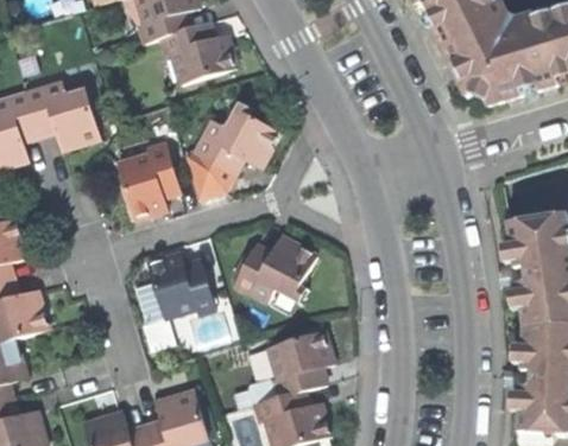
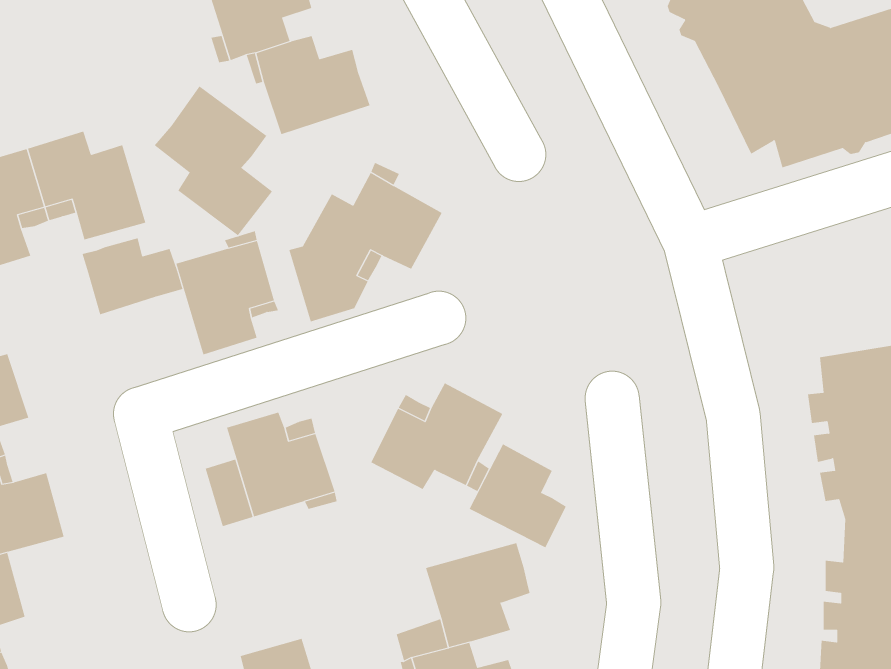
building: none -> [154,85,273,236]
building: none -> [82,238,183,315]
building: none -> [469,443,567,548]

